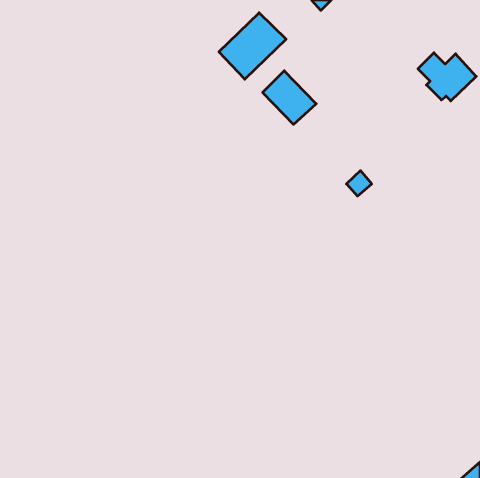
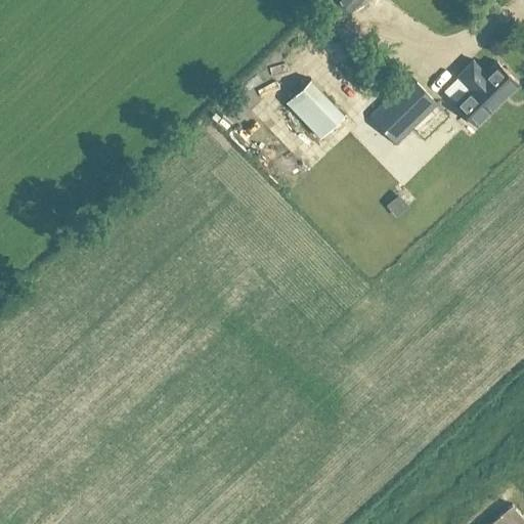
building: [219,13,286,79] -> none
building: none -> [369,79,436,146]

